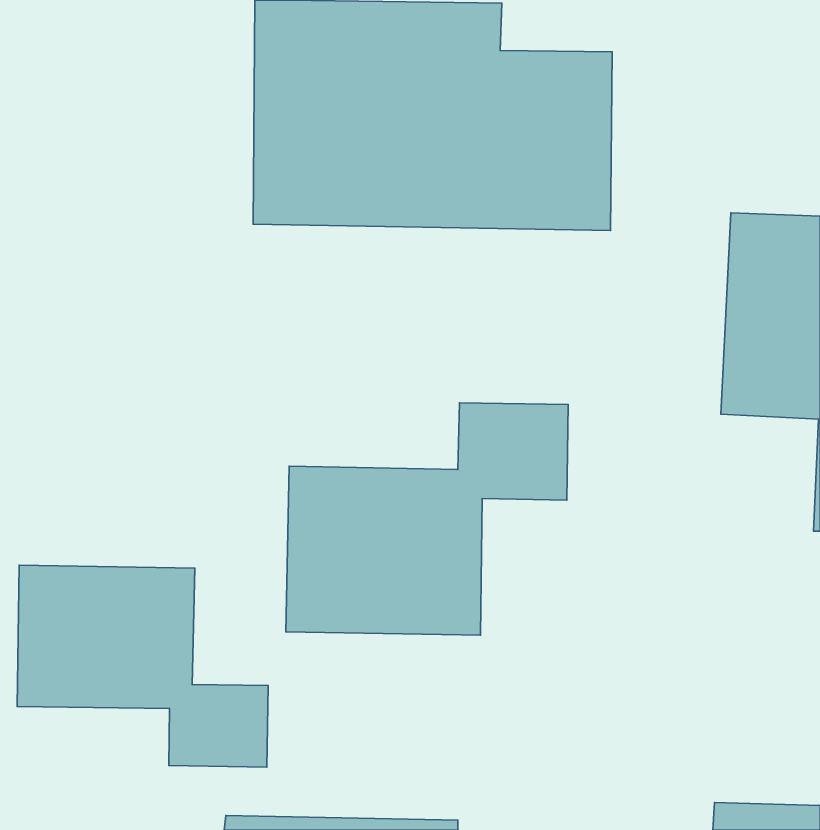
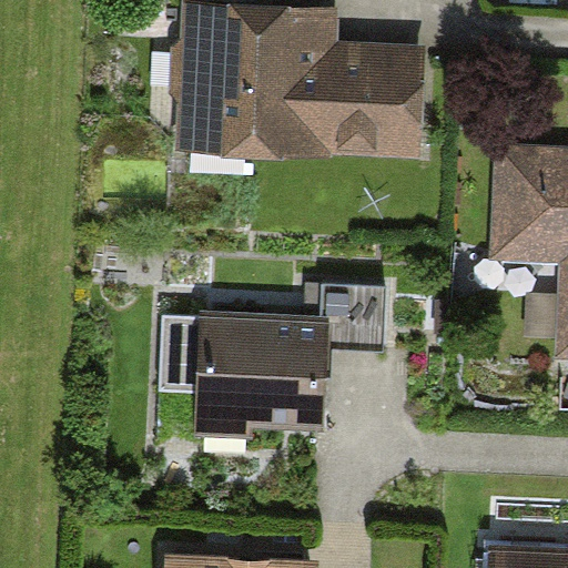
building: [17,565,268,767] -> none

